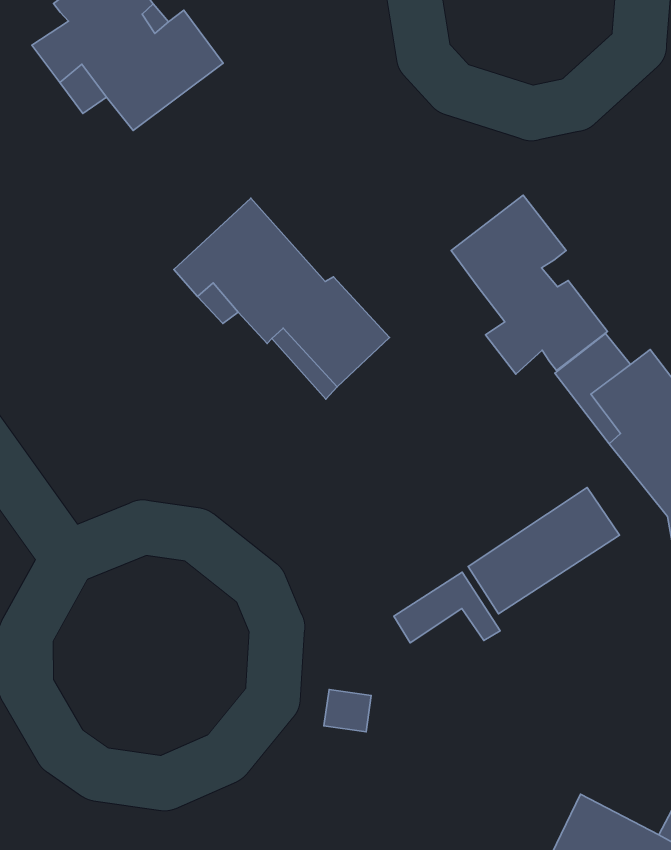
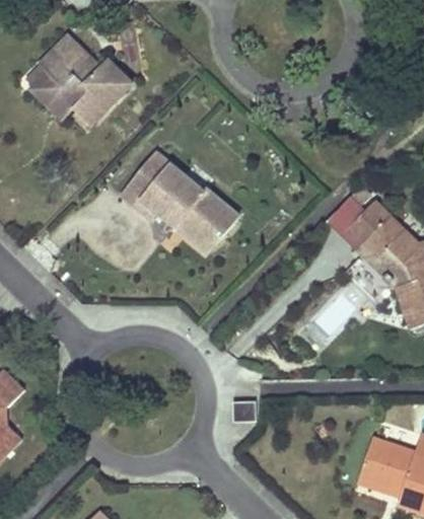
building: [451,195,607,374] -> none
building: [394,572,500,643] -> none

